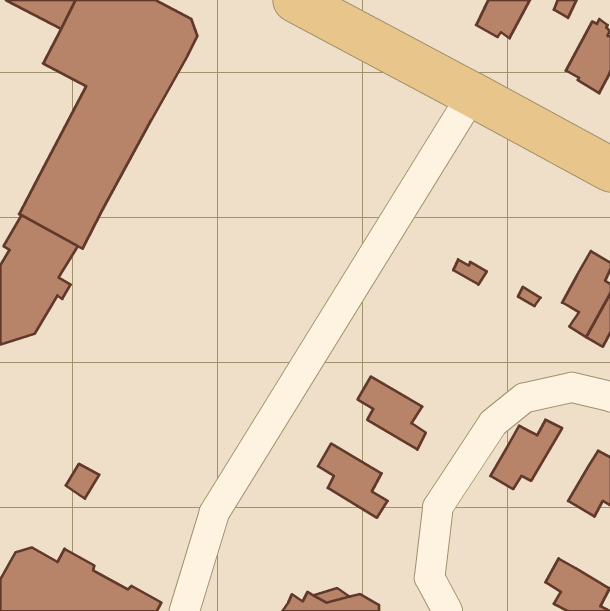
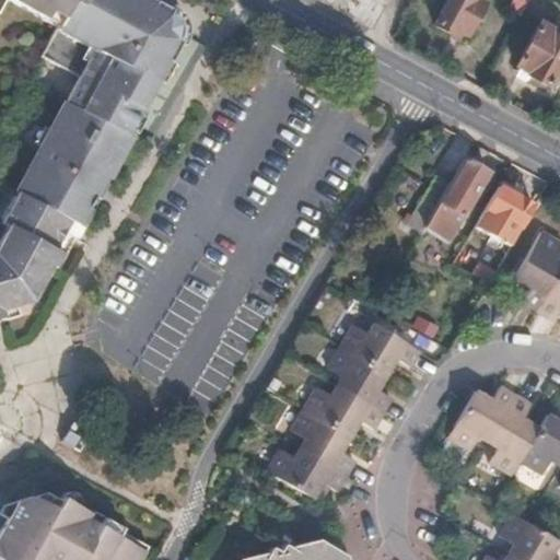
building: none -> [409,156,493,238]
building: none -> [481,177,535,238]
building: none -> [340,322,420,372]
building: none -> [304,384,383,433]
building: none -> [487,392,539,471]
building: none -> [268,446,346,495]

